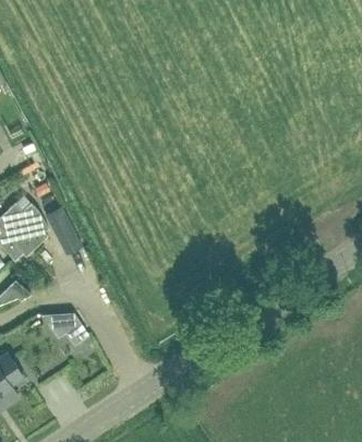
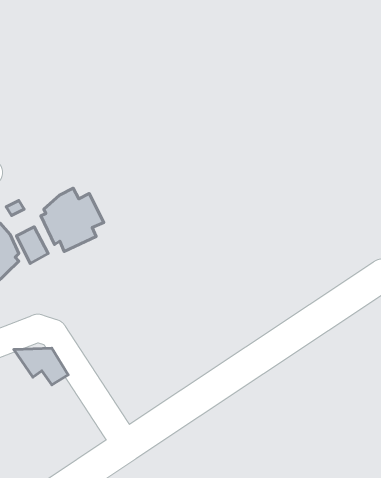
building: none -> [41,188,104,252]

